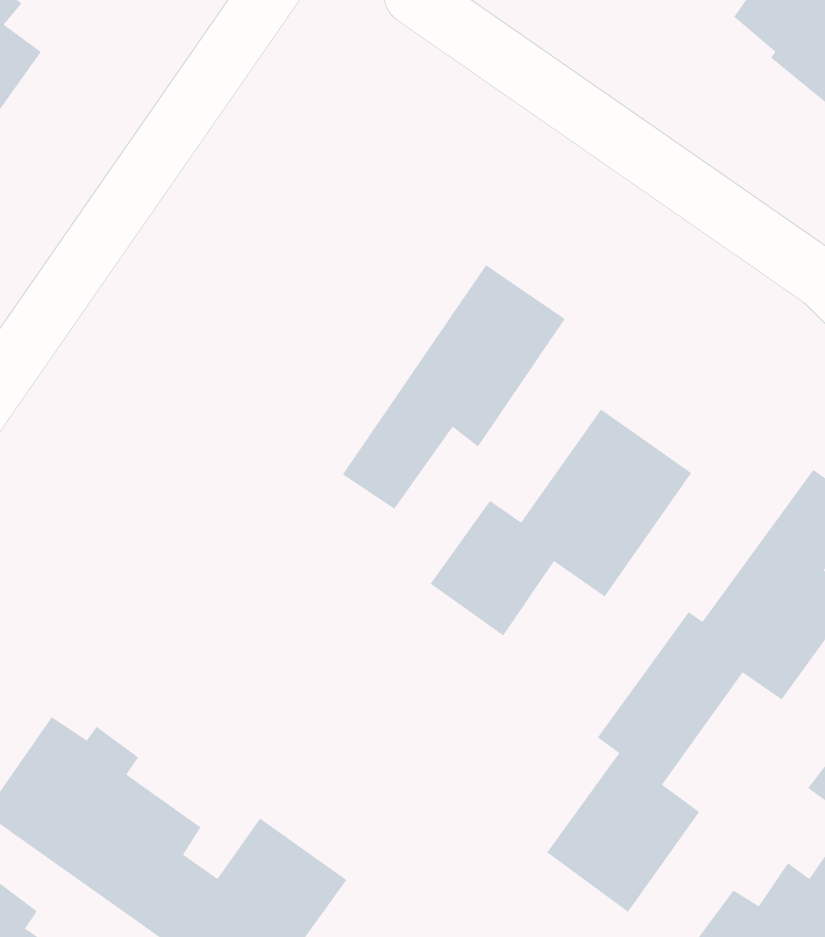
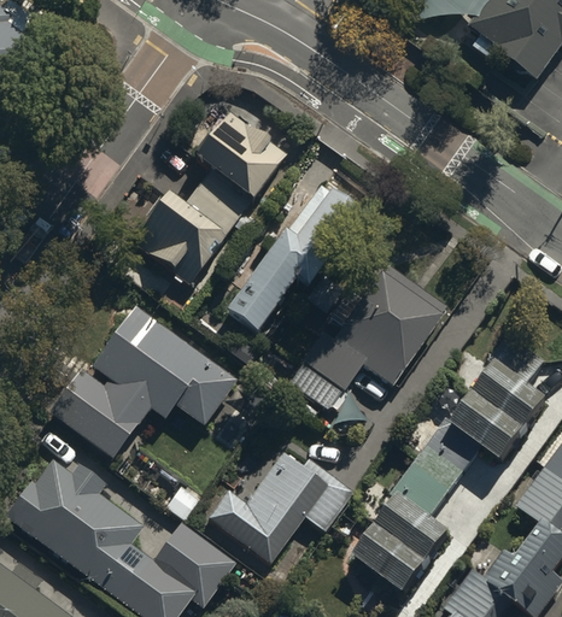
building: none -> [133,113,288,286]
building: none -> [49,304,236,452]
building: none -> [206,457,351,564]

